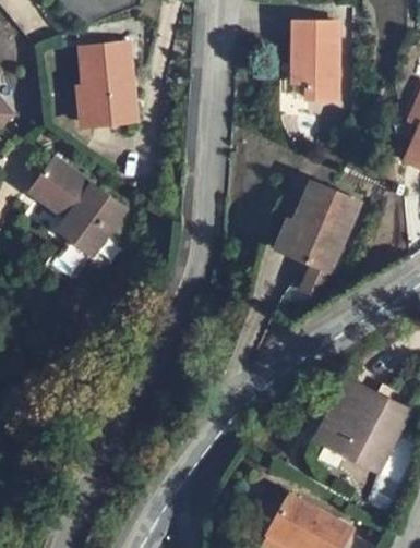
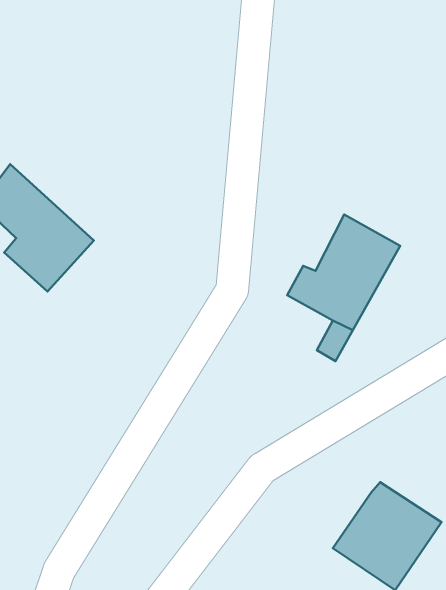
building: [301,21,346,105] -> none
building: [76,45,131,129] -> none

